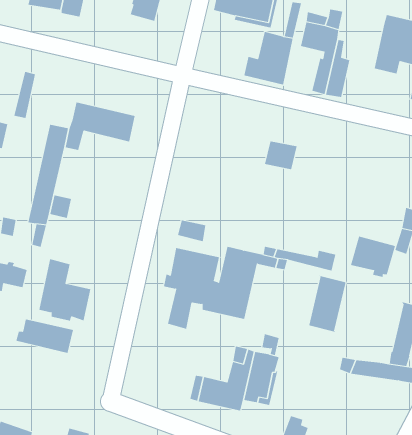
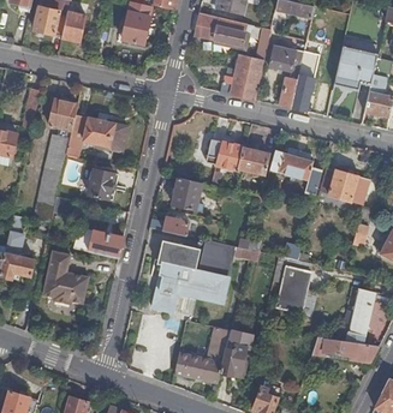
building: none -> [47,97,77,130]
building: none -> [204,138,244,169]
building: none -> [268,150,312,180]
building: none -> [87,168,114,198]
building: none -> [171,178,201,209]
building: [350,236,396,278] -> [317,167,357,203]
building: [16,319,74,353] -> [72,227,123,257]

